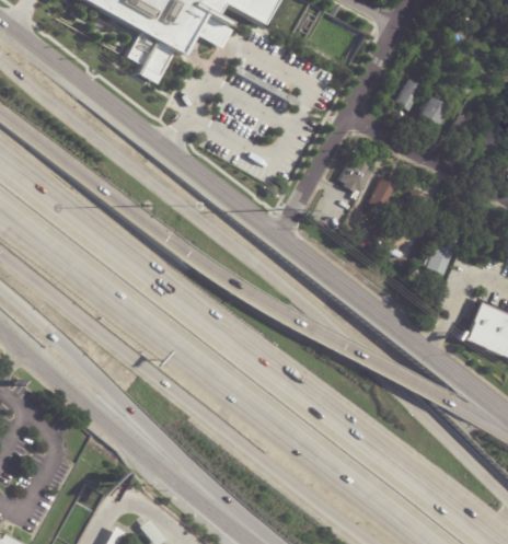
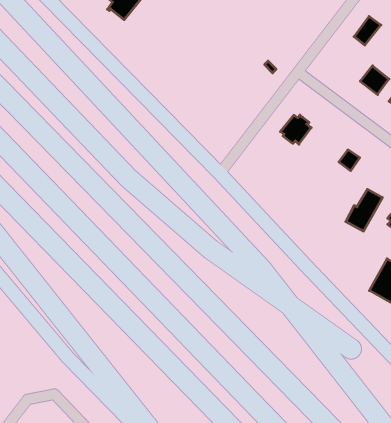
building: [397,79,425,111] -> [354,16,381,45]
building: [369,175,401,211] -> none

